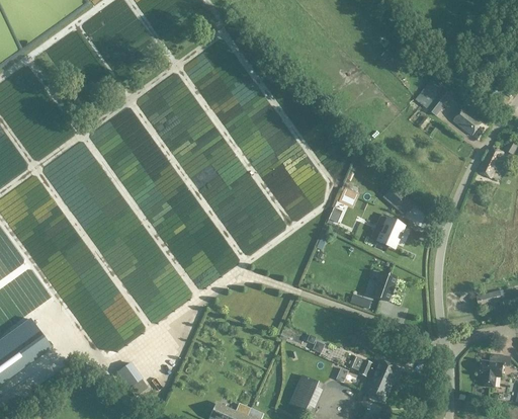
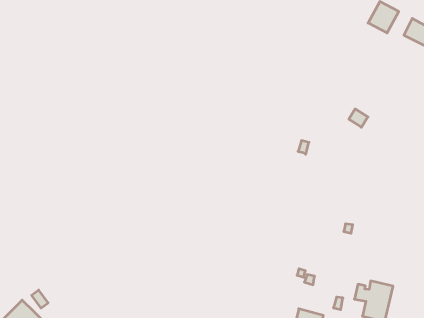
building: [375,217,404,248] -> none
building: [371,271,395,301] -> none

